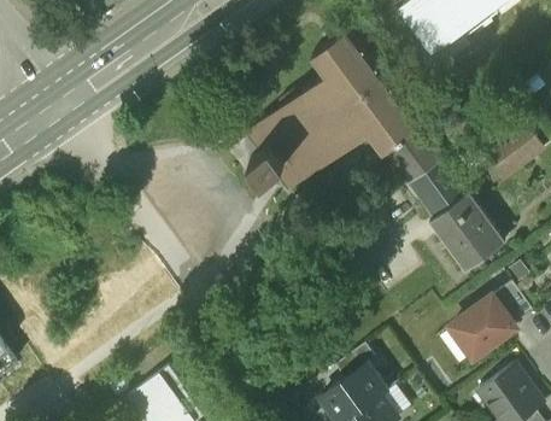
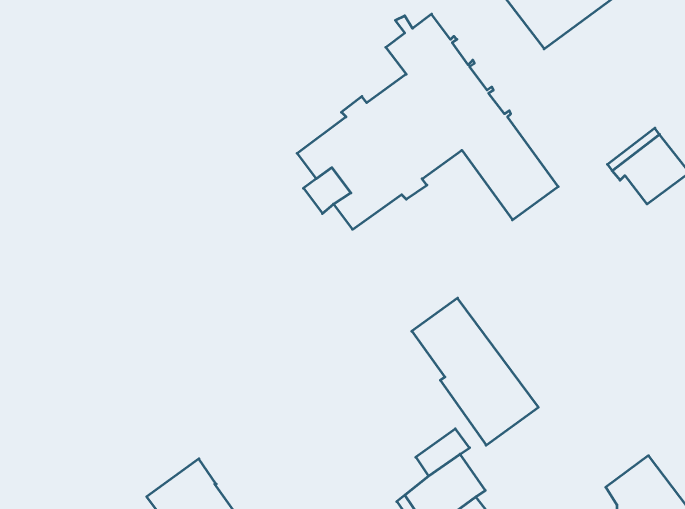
building: [409,162,505,274] -> [412,298,538,445]
building: [451,298,516,358] -> none

